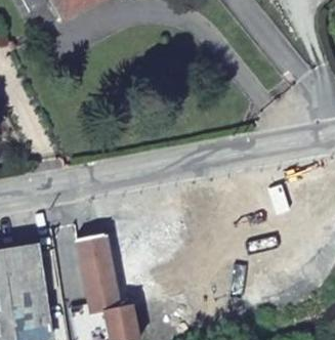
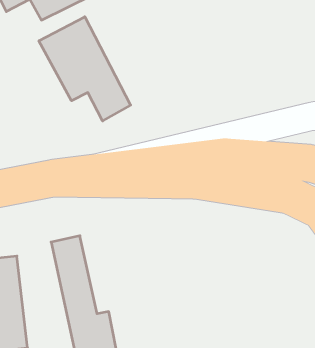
building: none -> [39,17,131,121]

